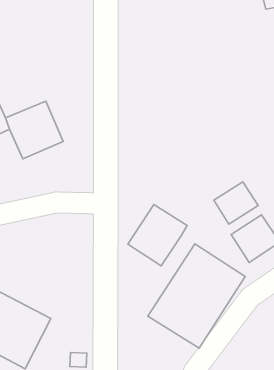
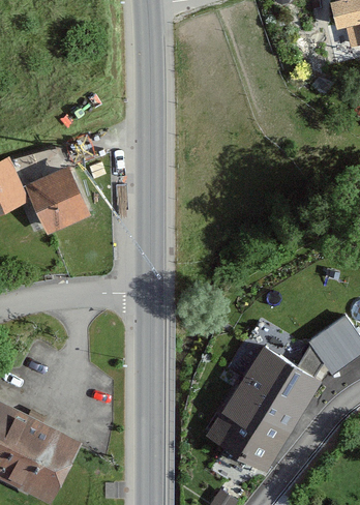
building: [214,182,258,224] -> none
building: [128,205,187,266] -> none

